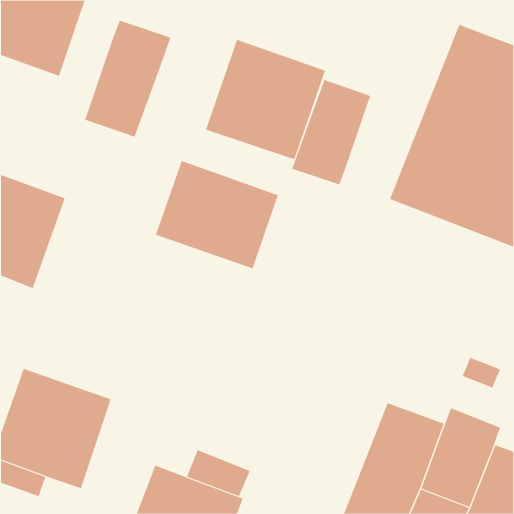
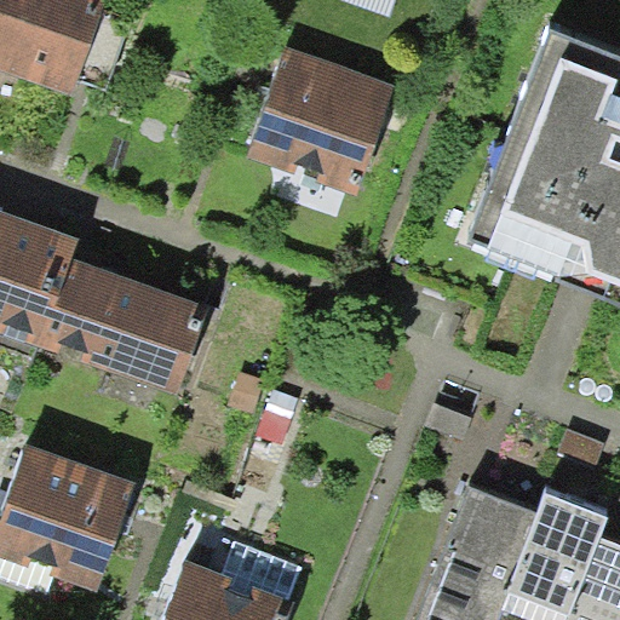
building: [85,20,171,138] -> none
building: [291,79,371,185] -> none
building: [155,160,279,269] -> none
building: none -> [40,259,211,396]

